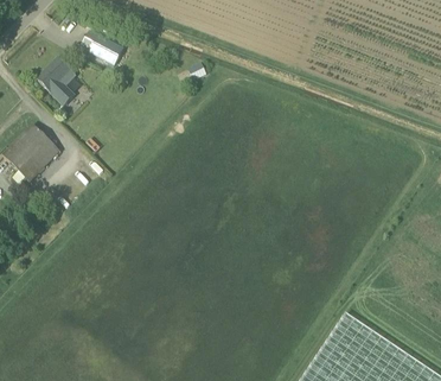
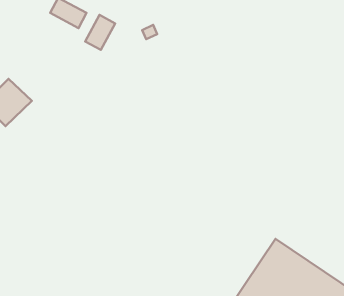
building: none -> [85,15,115,50]
building: [37,57,75,104] -> none

